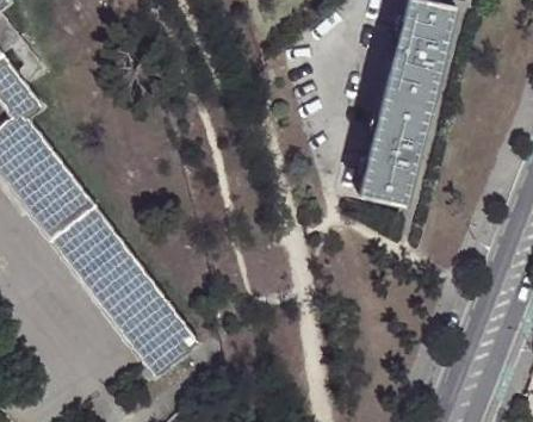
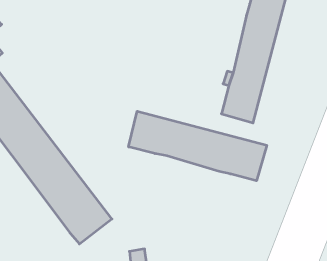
building: none -> [129,111,267,181]

